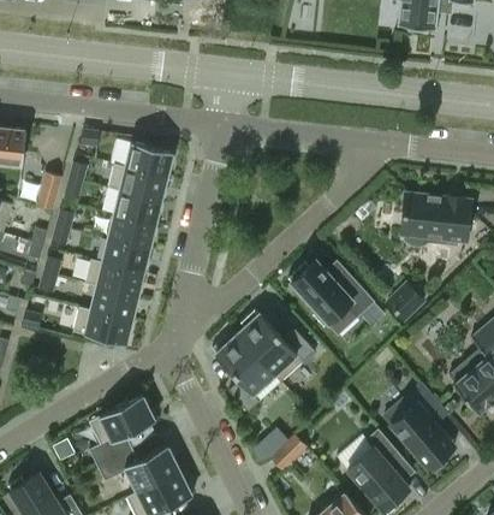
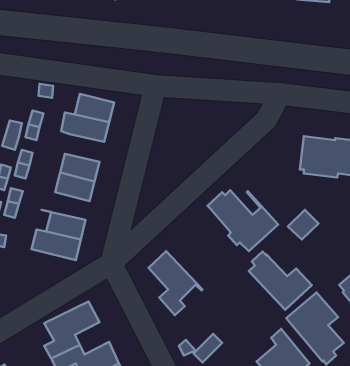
building: [113,191,161,225] -> none
building: [84,260,143,296] -> none
building: [237,310,314,381] -> [249,252,312,310]

